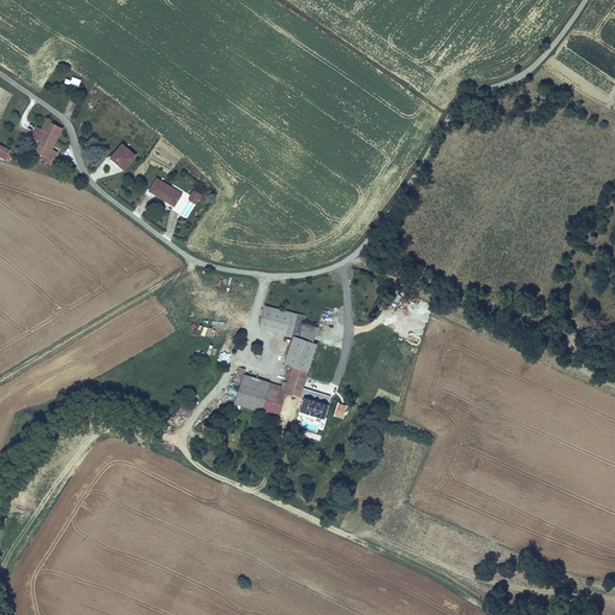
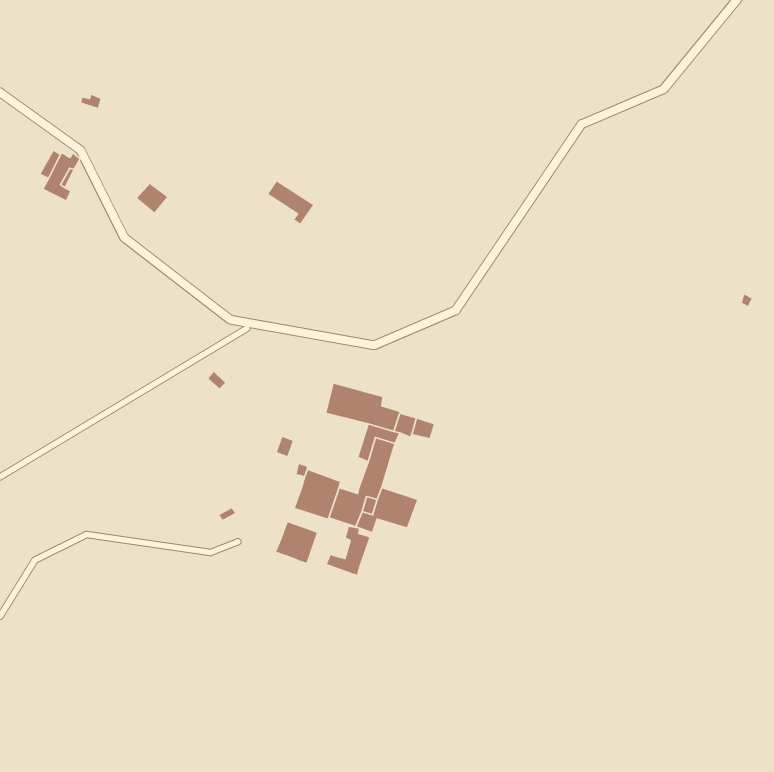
building: [150,180,187,215] -> [267,180,314,224]
building: none -> [275,522,318,564]
building: none -> [326,526,370,576]

